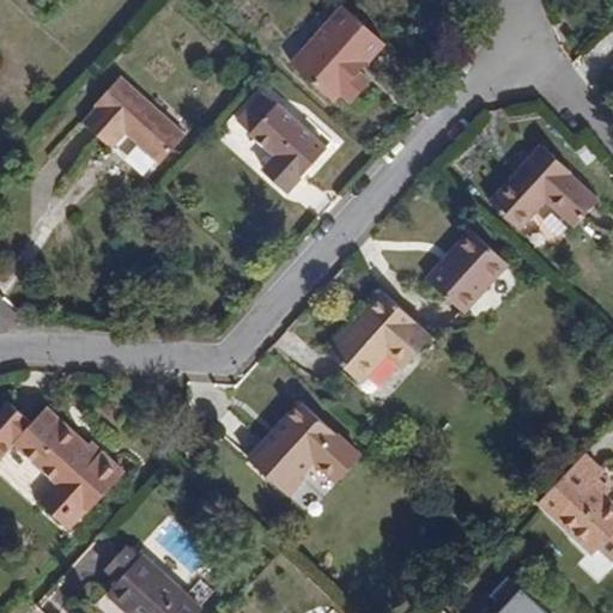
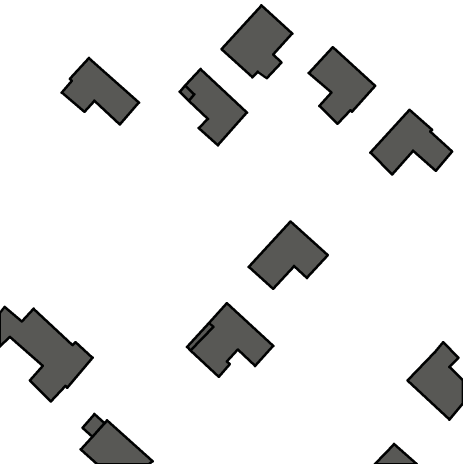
building: none -> [309,47,375,124]
building: [425,229,508,312] -> none

